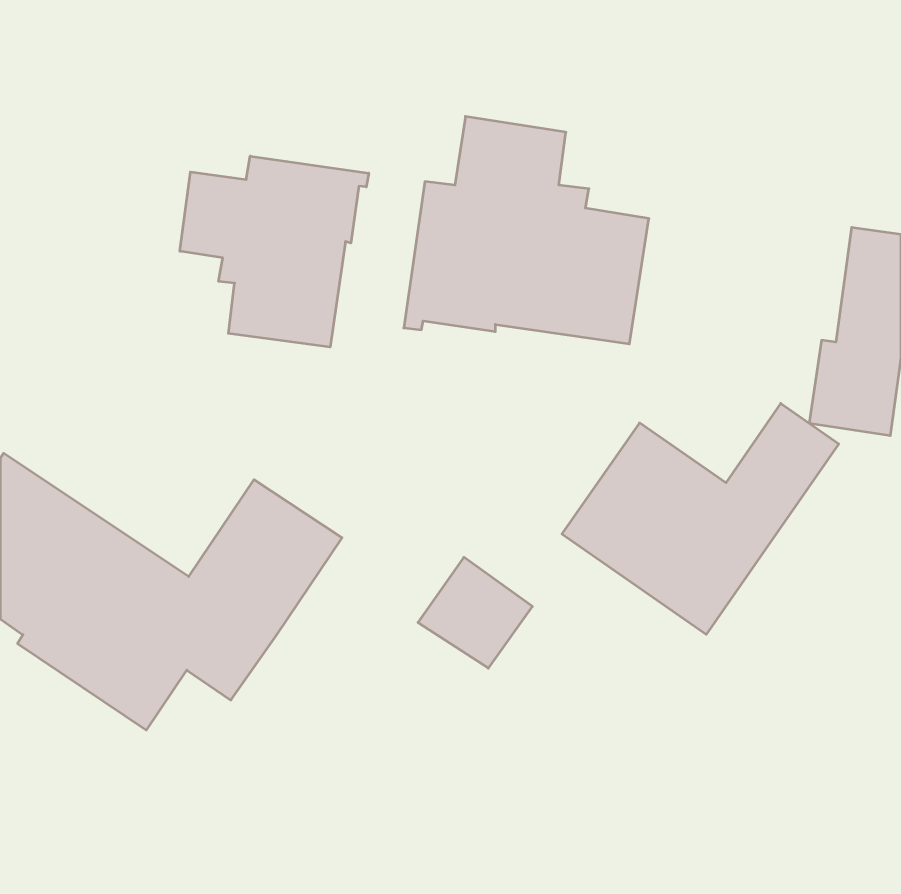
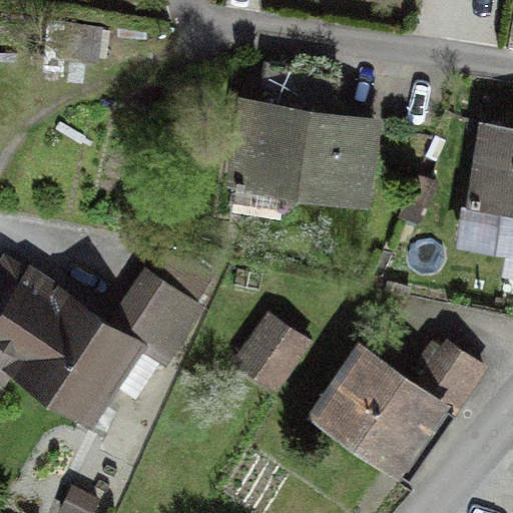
building: [180,156,369,347] -> none
building: [562,403,839,634] -> [322,347,479,478]

